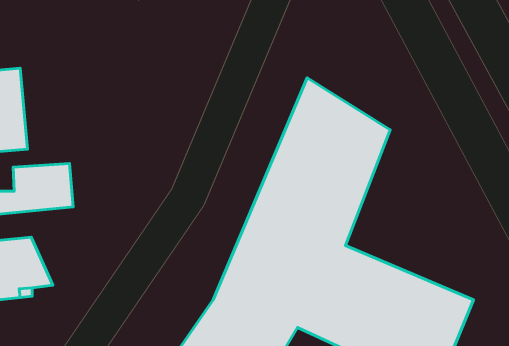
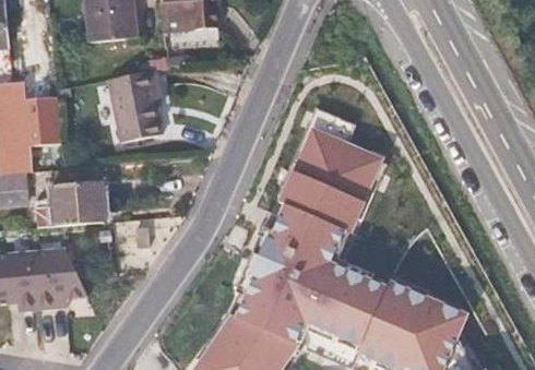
building: none -> [107,70,163,144]

